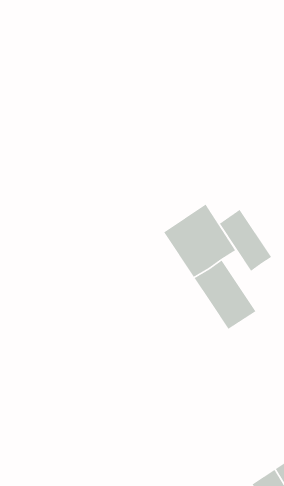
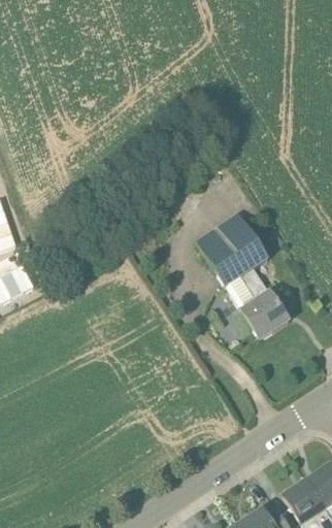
building: [219,209,272,272] -> none

